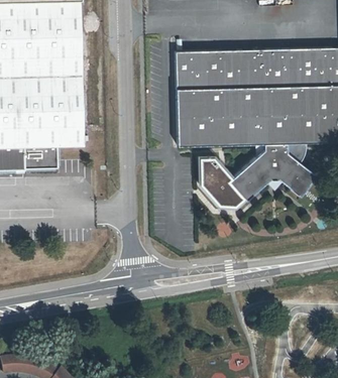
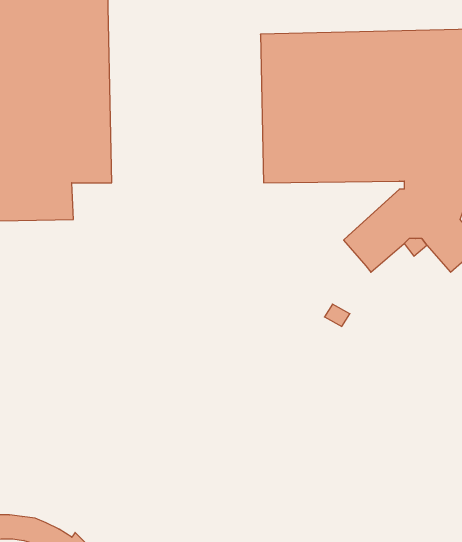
building: [201,159,243,207] -> none

